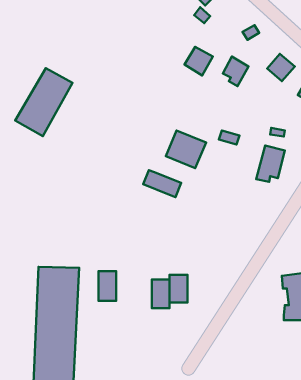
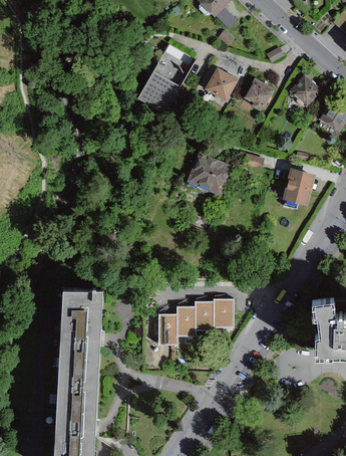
building: [15,68,72,136] -> [137,45,196,115]
building: [143,170,181,197] -> none
building: [98,271,116,301] -> [157,315,176,346]
building: none -> [212,299,232,326]

